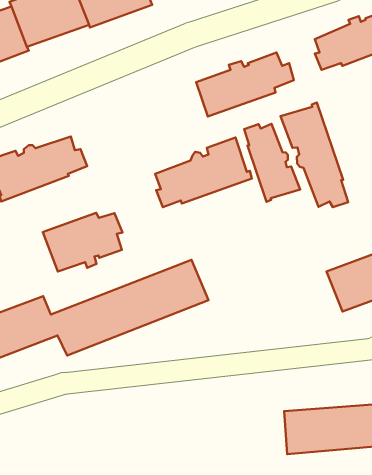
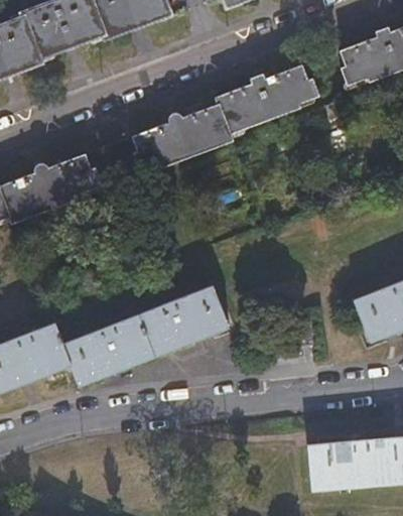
building: [280,103,348,207] -> none
building: [244,124,300,202] -> none
building: [155,137,252,207] -> [132,98,234,171]
building: [43,213,122,272] -> none

